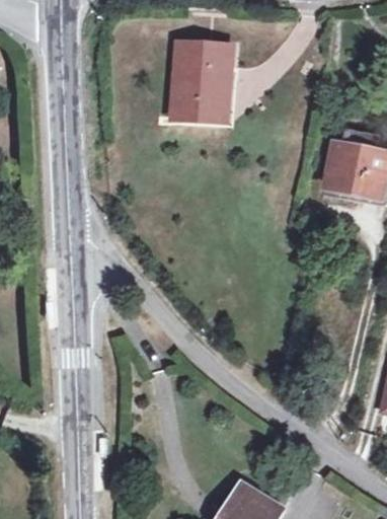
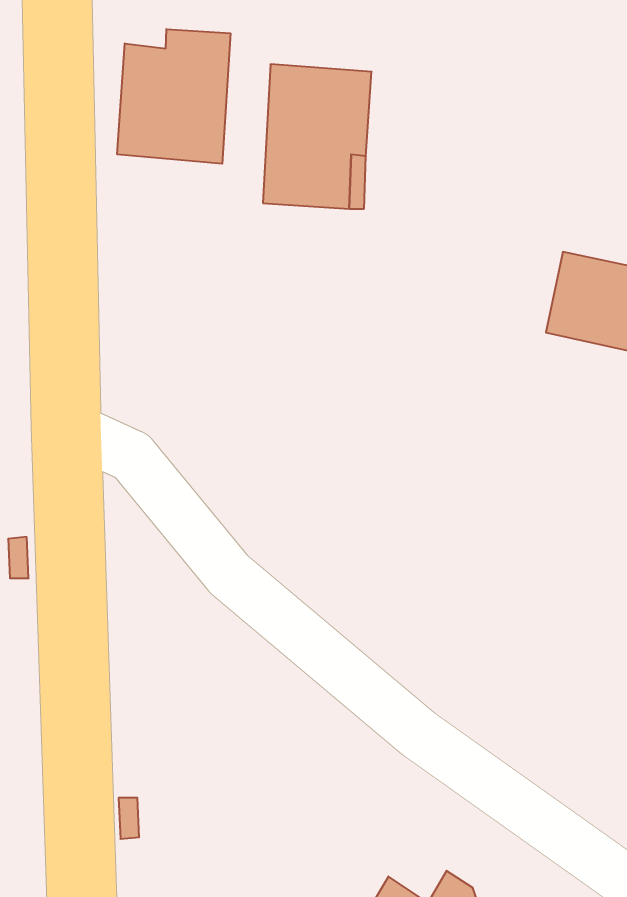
building: none -> [117,29,230,164]

